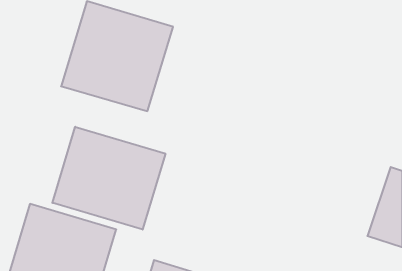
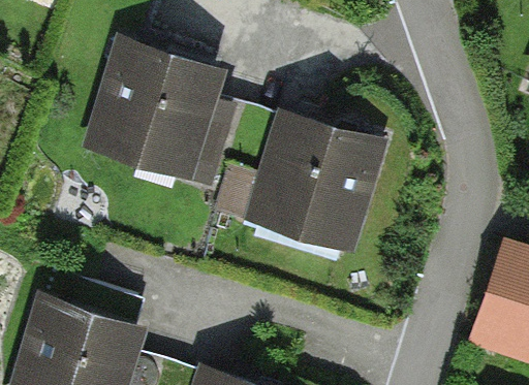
building: none -> [247,113,385,249]
building: [52,127,165,230] -> none

